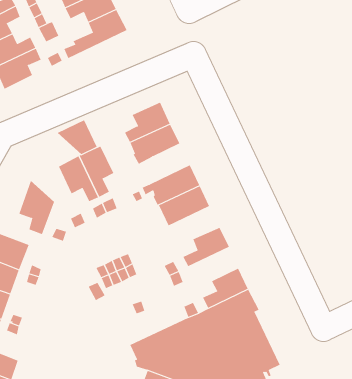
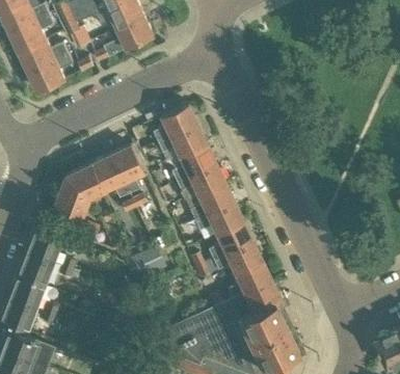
building: [57,119,98,155] -> [64,165,103,198]
building: none -> [171,143,215,182]
building: none -> [194,203,243,234]
building: none -> [213,241,261,273]

